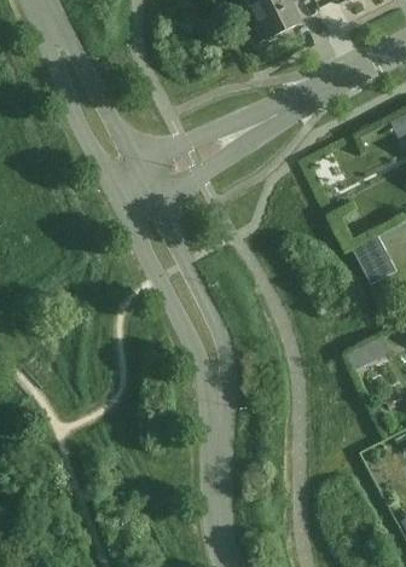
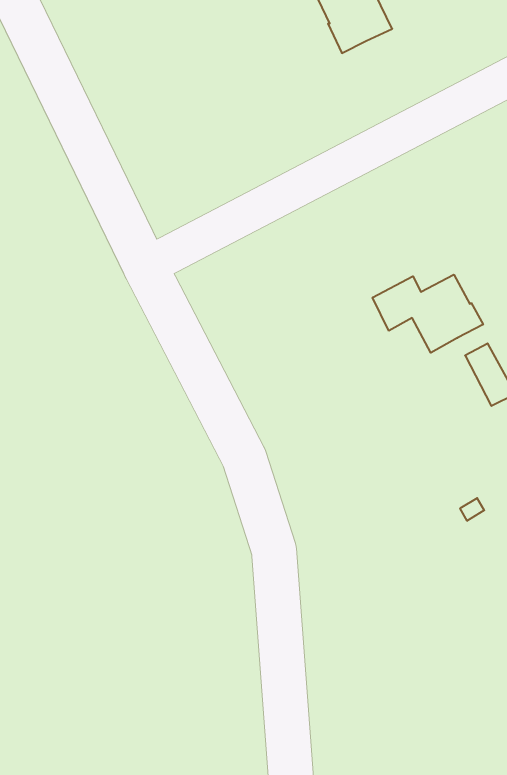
building: none -> [373,275,483,353]

